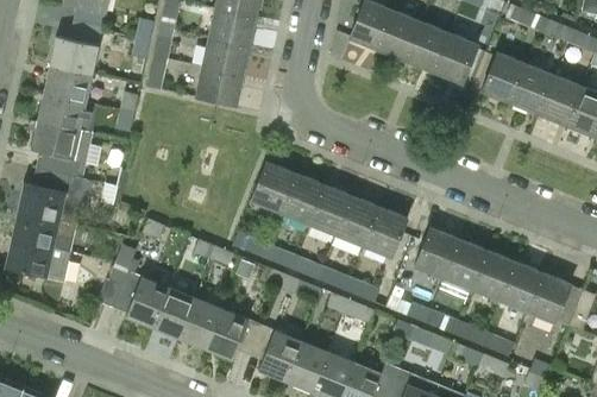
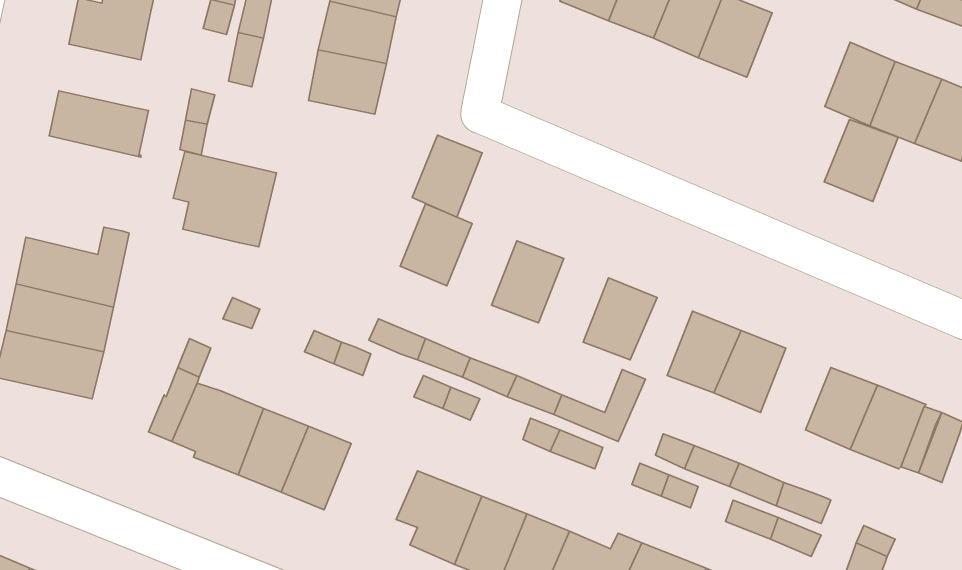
building: [480,52,526,102] -> [824,120,898,201]
building: [43,64,93,102] -> none
building: [30,120,93,178] -> [173,151,276,247]
building: [279,174,322,223] -> [412,135,482,217]
building: [335,195,378,246] -> none
building: [471,250,514,300] -> none
building: [205,308,262,360] -> none

